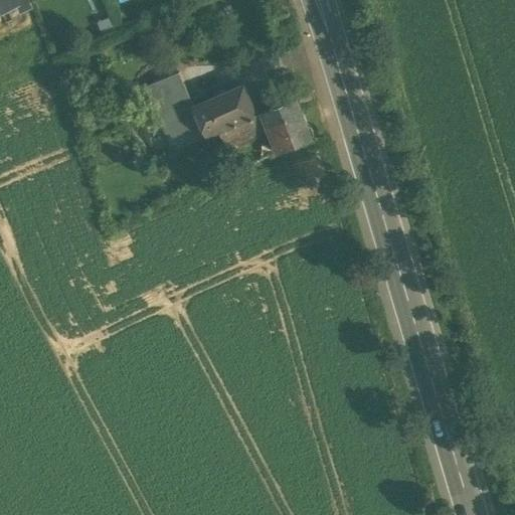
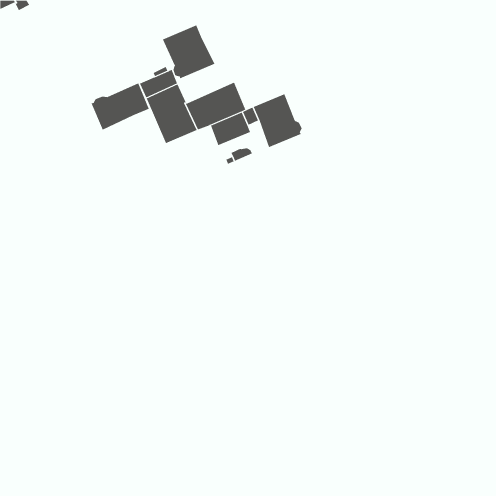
building: none -> [162,25,215,79]
building: none -> [91,83,150,130]

